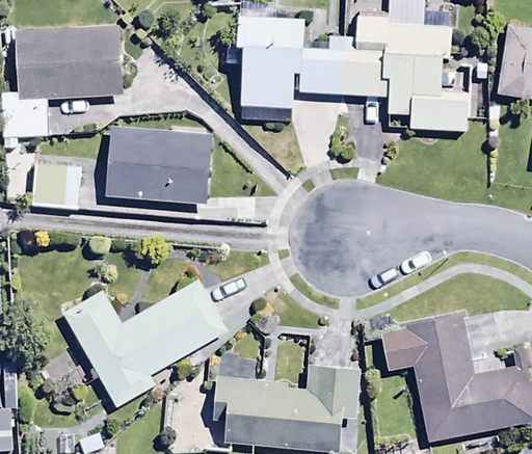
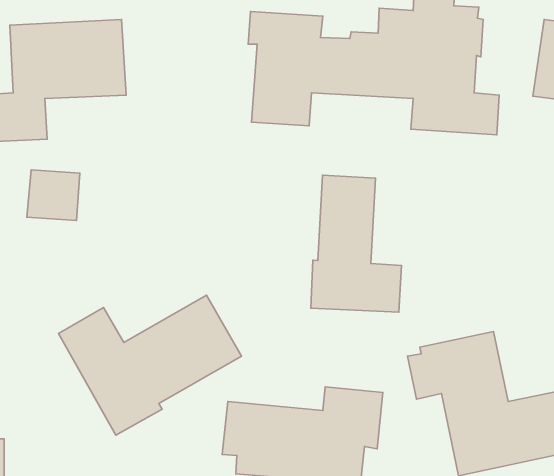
building: [105,127,211,204] -> none
building: none -> [311,175,401,312]

